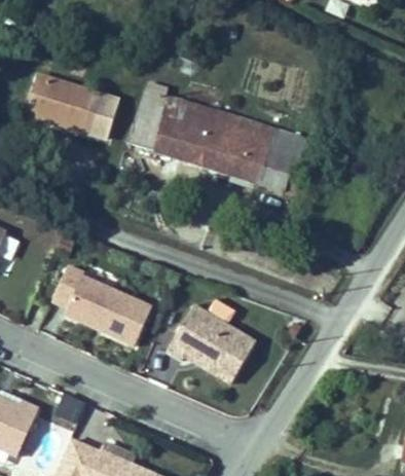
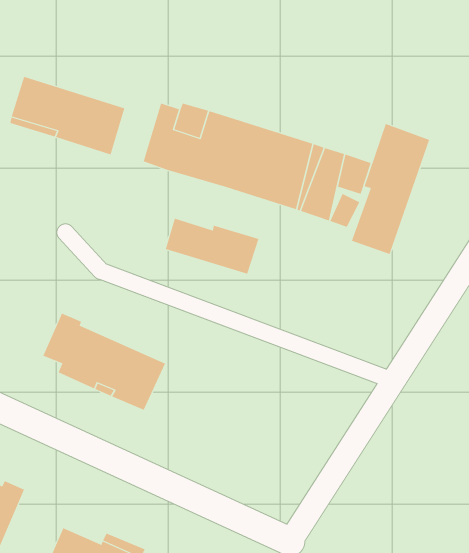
building: none -> [351,123,430,255]
building: none -> [165,218,259,275]
building: [167,303,256,381] -> none

